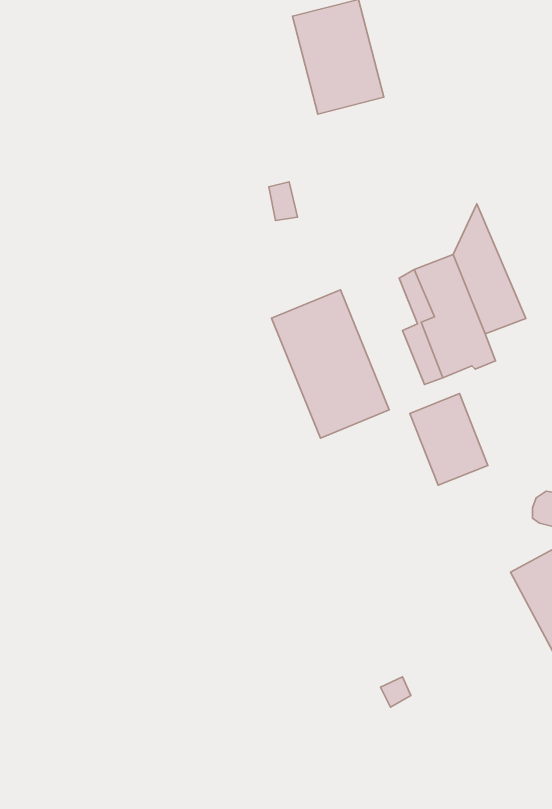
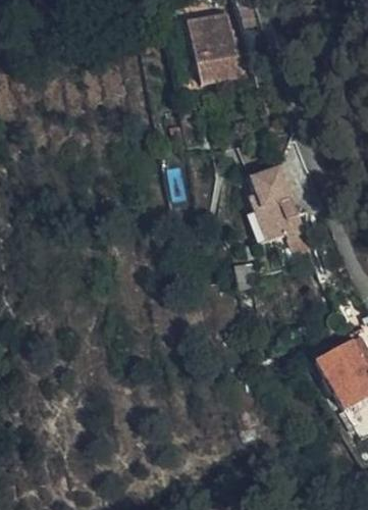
building: [272,290,389,438] -> none
building: [410,394,488,485] -> none

